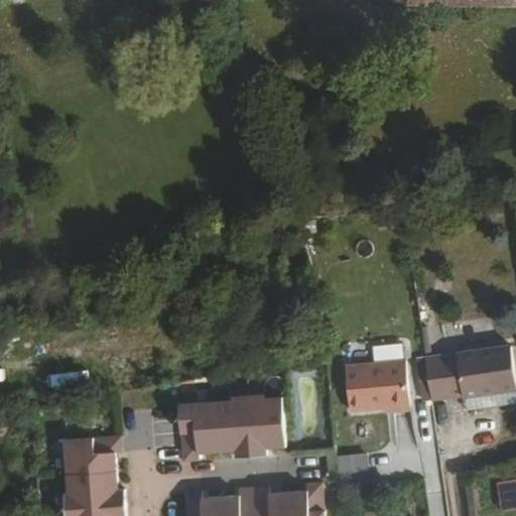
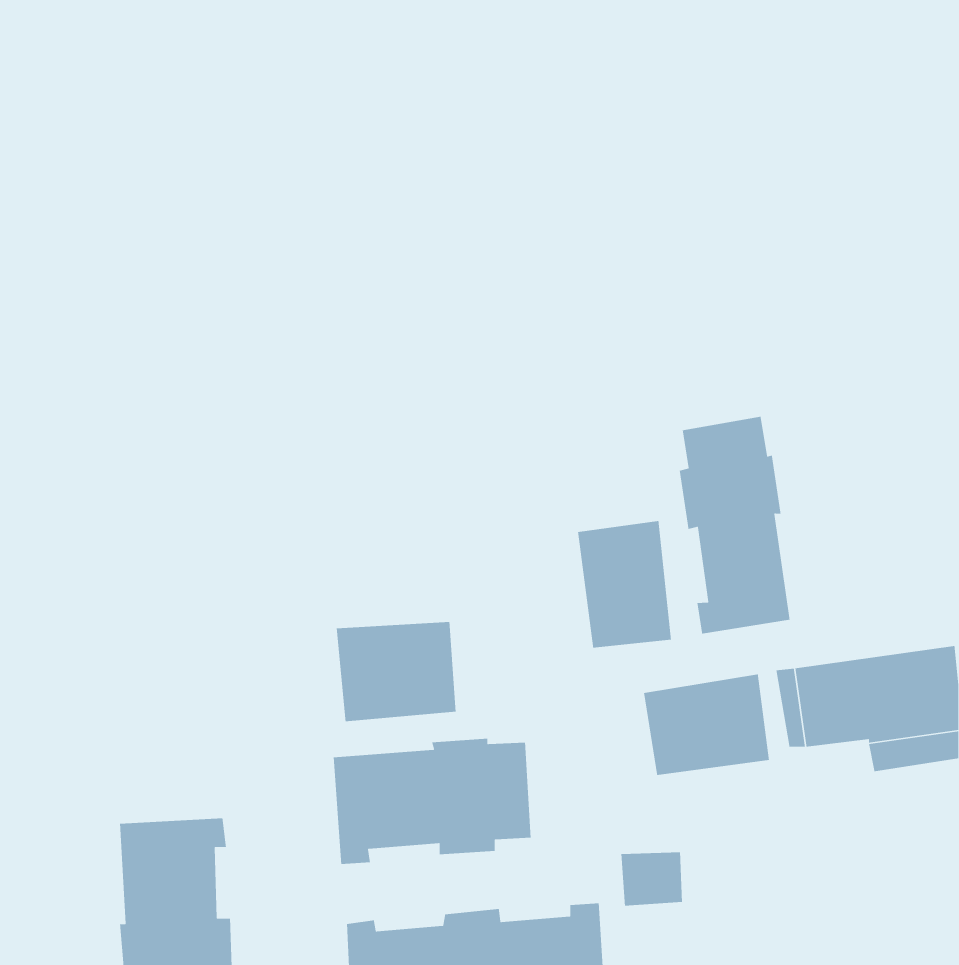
building: none -> [679,416,791,635]
building: none -> [577,520,672,648]
building: none -> [336,621,456,722]

